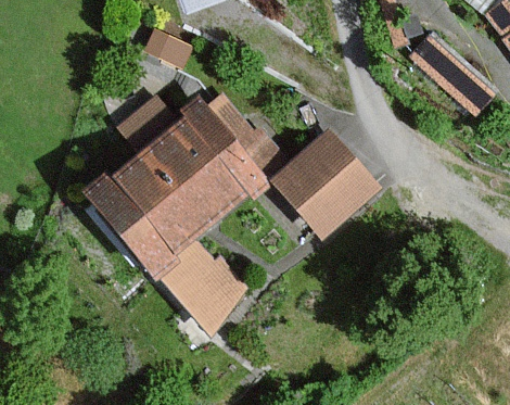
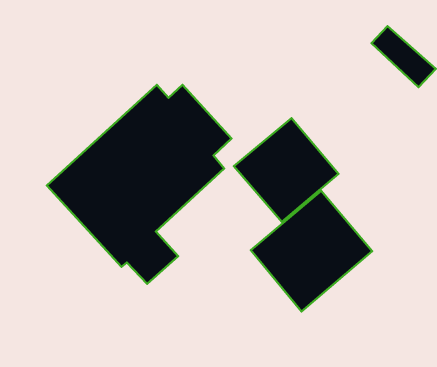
building: none -> [251,191,372,312]

